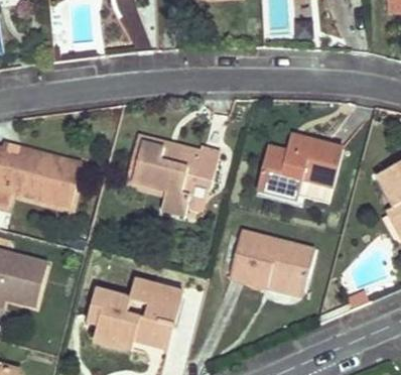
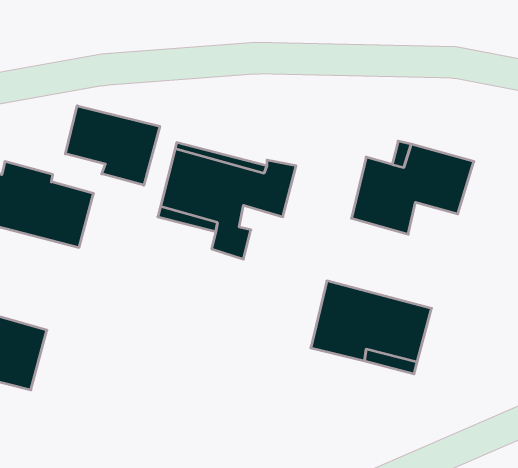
building: none -> [65,106,160,185]
building: [87,280,175,350] -> none

